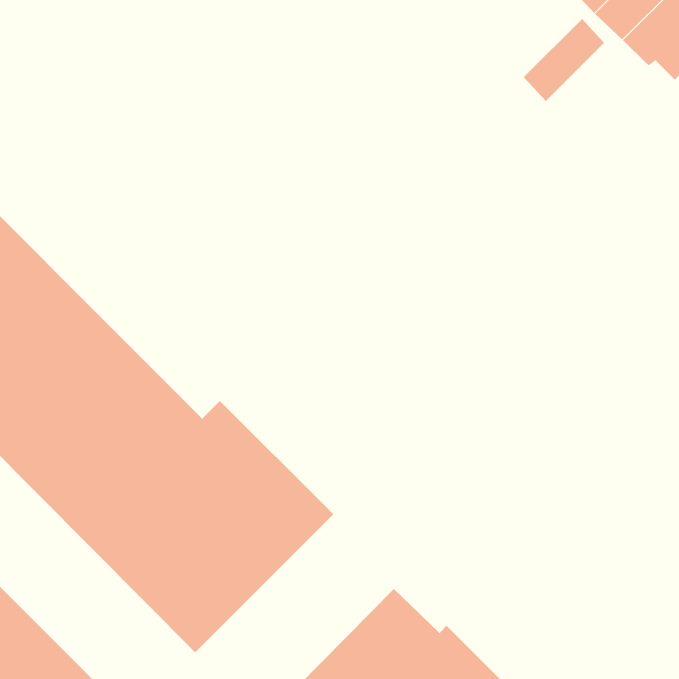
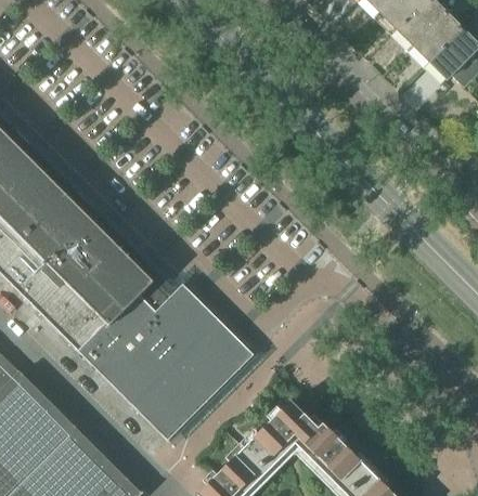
building: [523,18,605,102] -> none

